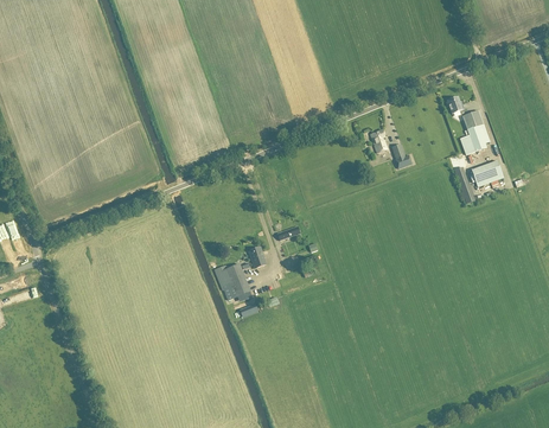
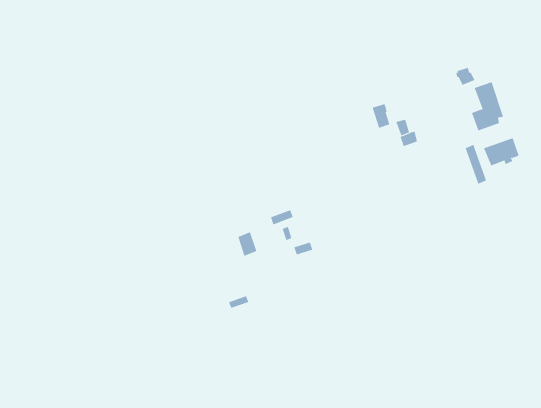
building: [215,263,249,299] -> none

